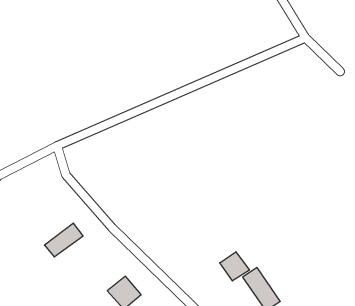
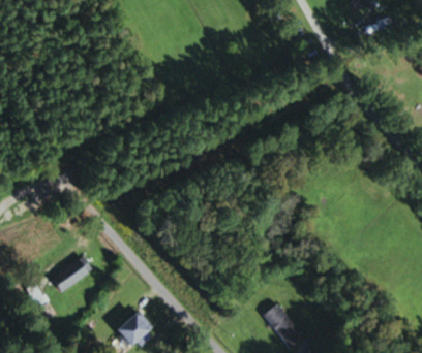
building: [220,252,249,281] -> none

